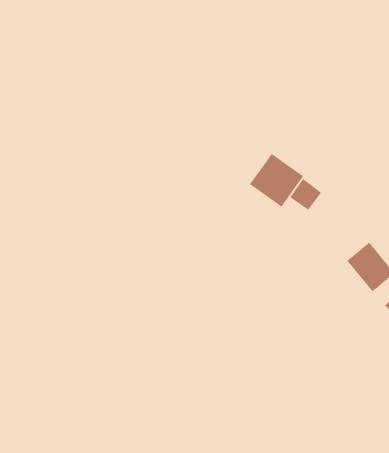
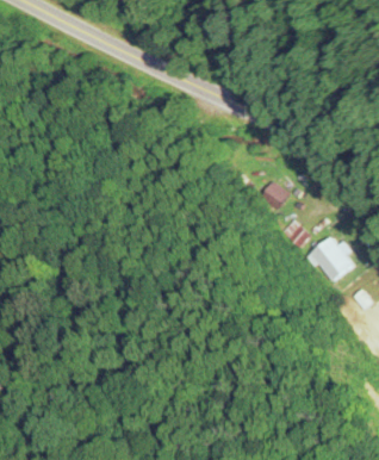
building: [249,153,304,207] -> none

